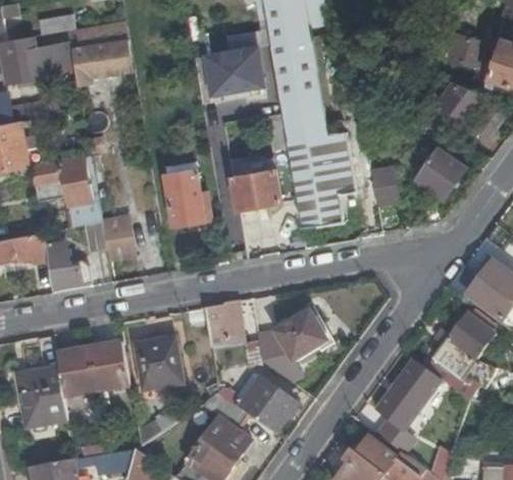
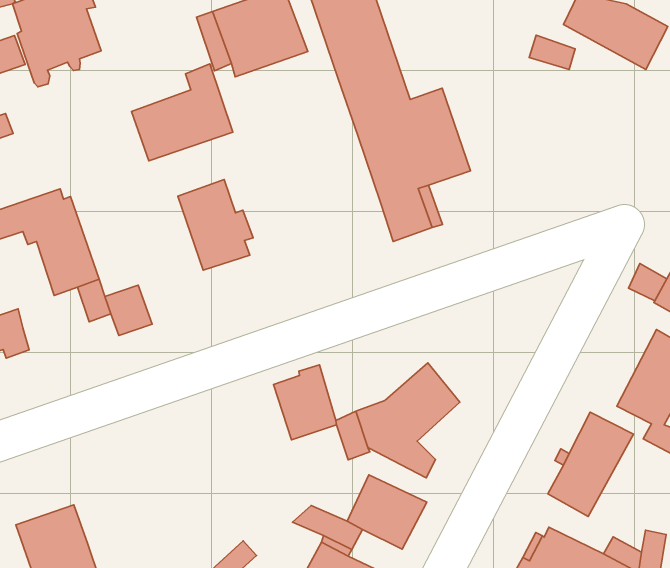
building: [415,147,466,198] -> none
building: [232,152,297,210] -> [132,64,233,161]
building: [370,169,398,208] -> none
building: [45,241,90,287] -> none
building: [136,337,181,388] -> none
building: [58,342,131,395] -> none

